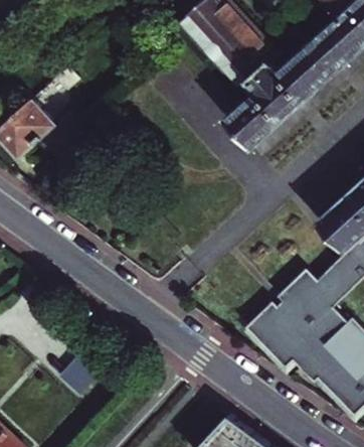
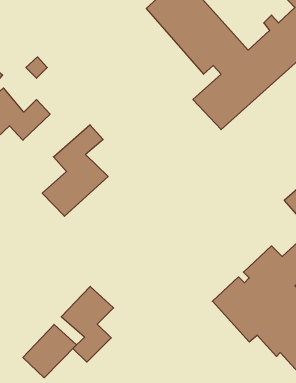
building: none -> [42,125,108,216]
building: none -> [61,286,114,362]

